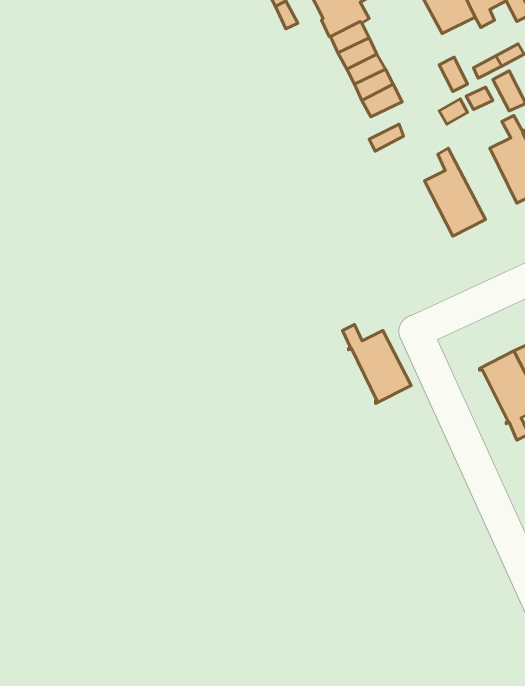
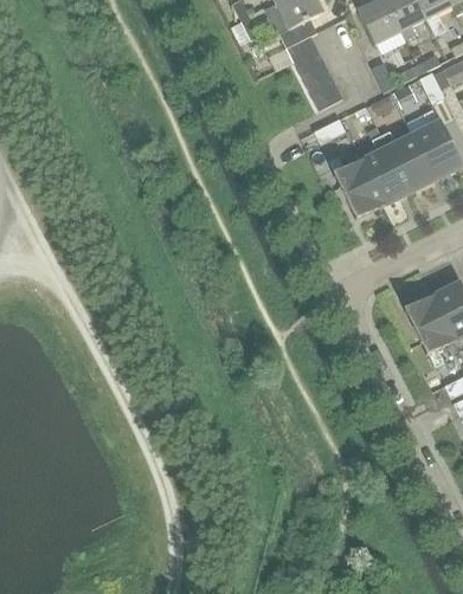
building: none -> [380,129,435,191]
building: [343,325,411,404] -> [329,155,384,218]

